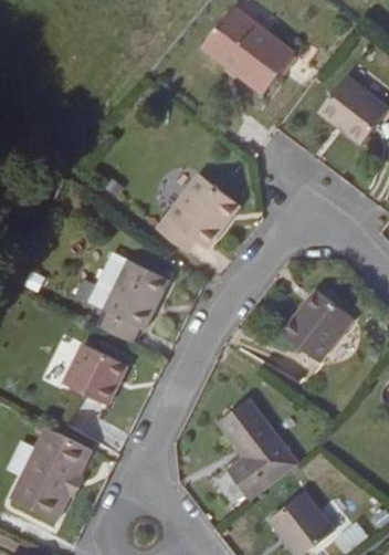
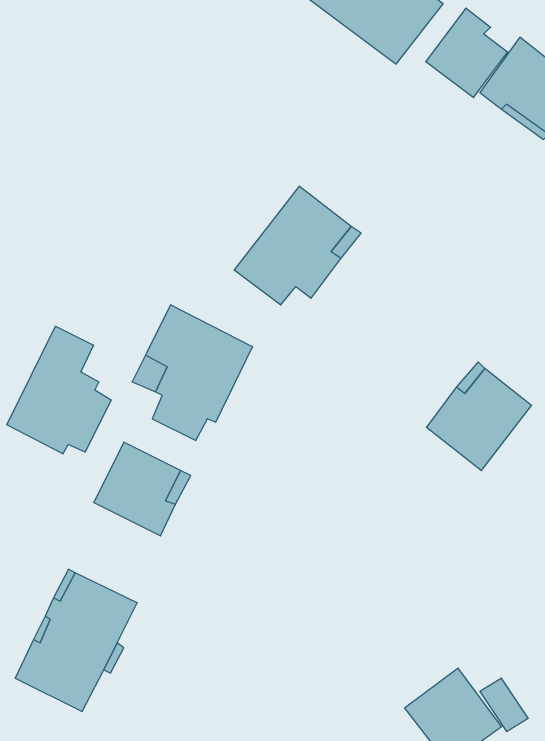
building: none -> [426,8,508,98]
building: none -> [7,326,111,454]
building: [218,398,298,500] -> none

